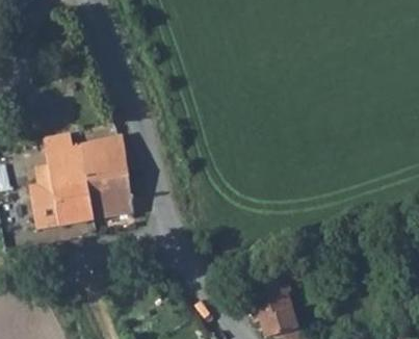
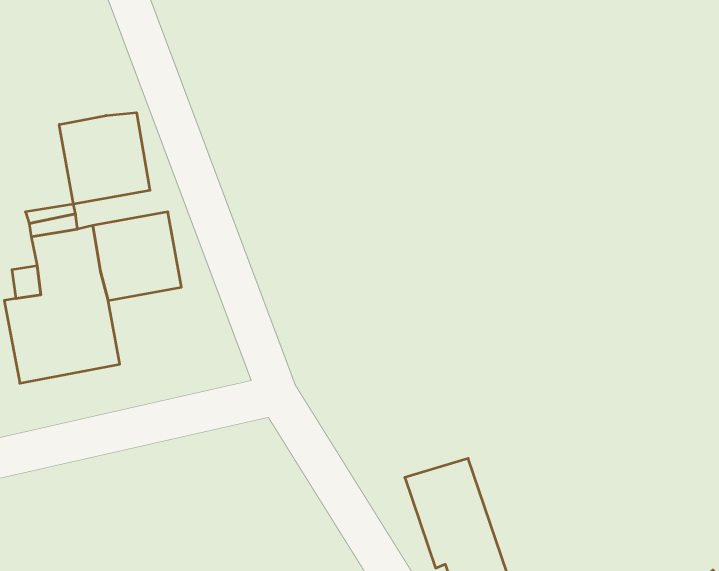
building: none -> [59,113,150,204]
building: [84,178,131,219] -> none

